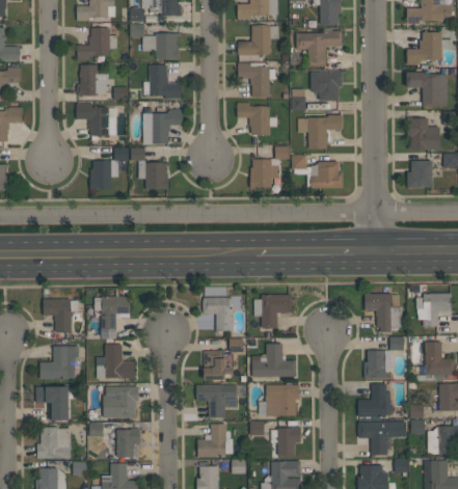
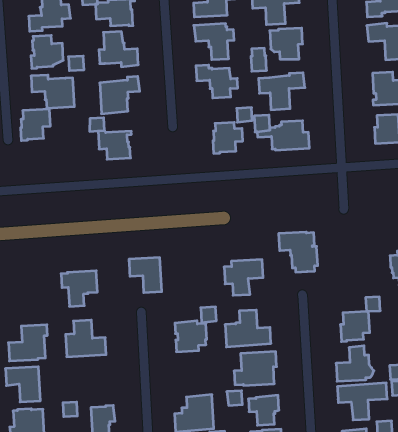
building: [90,161,119,190] -> [21,109,50,141]
building: [366,294,402,332] -> [279,232,318,272]
building: [204,298,234,331] -> [129,258,162,293]
building: [44,299,79,332] -> none
building: [196,384,237,418] -> none
building: [104,386,139,418] -> none

